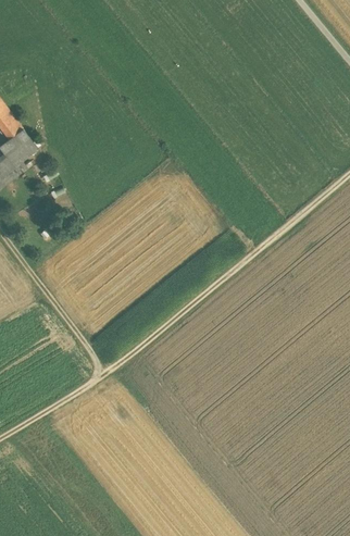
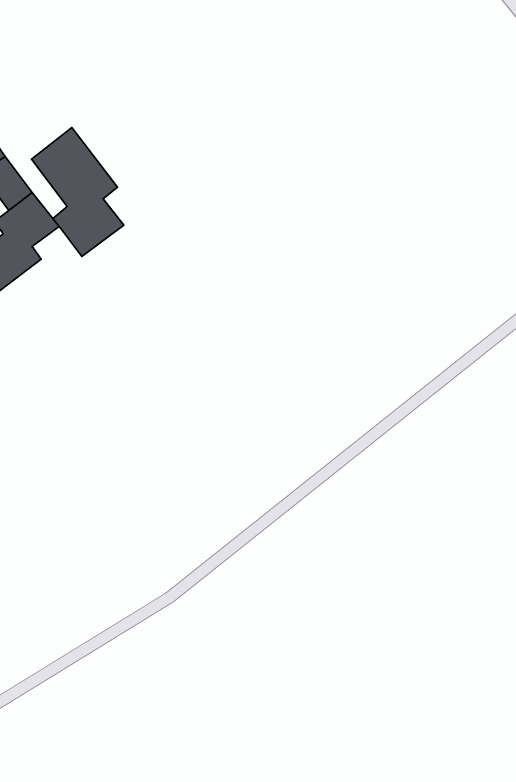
building: none -> [32,128,124,256]

